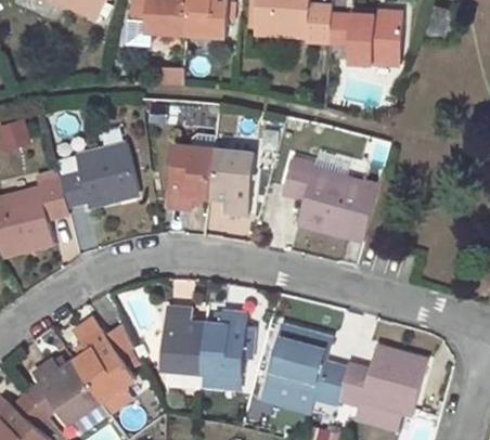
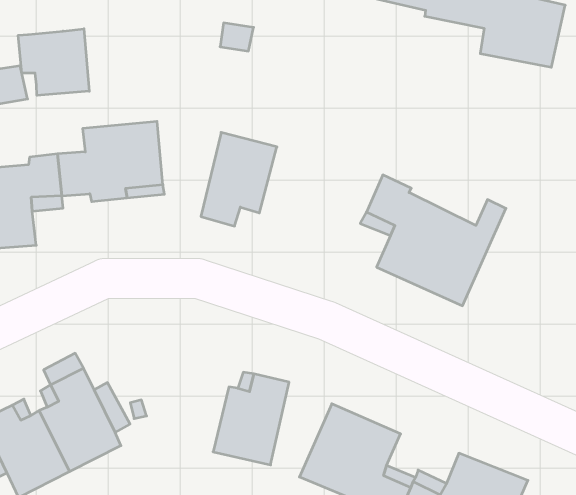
building: none -> [18,29,89,95]
building: [208,150,254,216] -> none
building: [160,309,205,373] -> none

